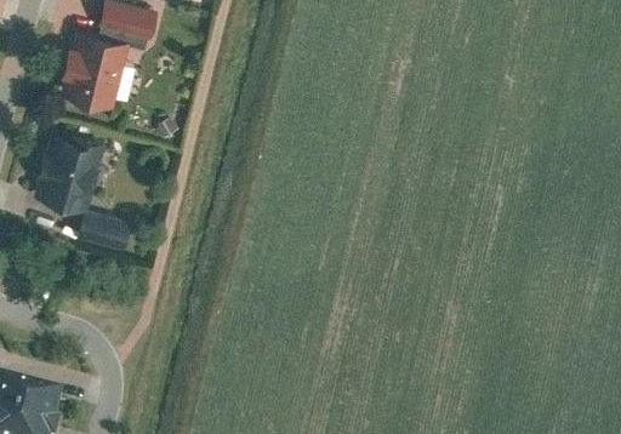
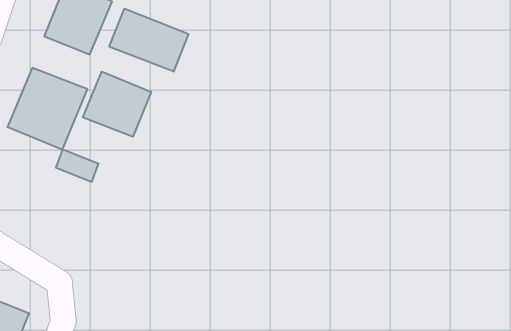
building: none -> [109,9,188,72]
building: none -> [83,72,151,137]

